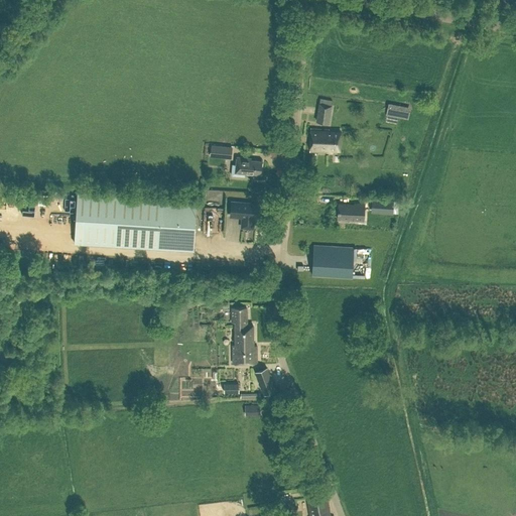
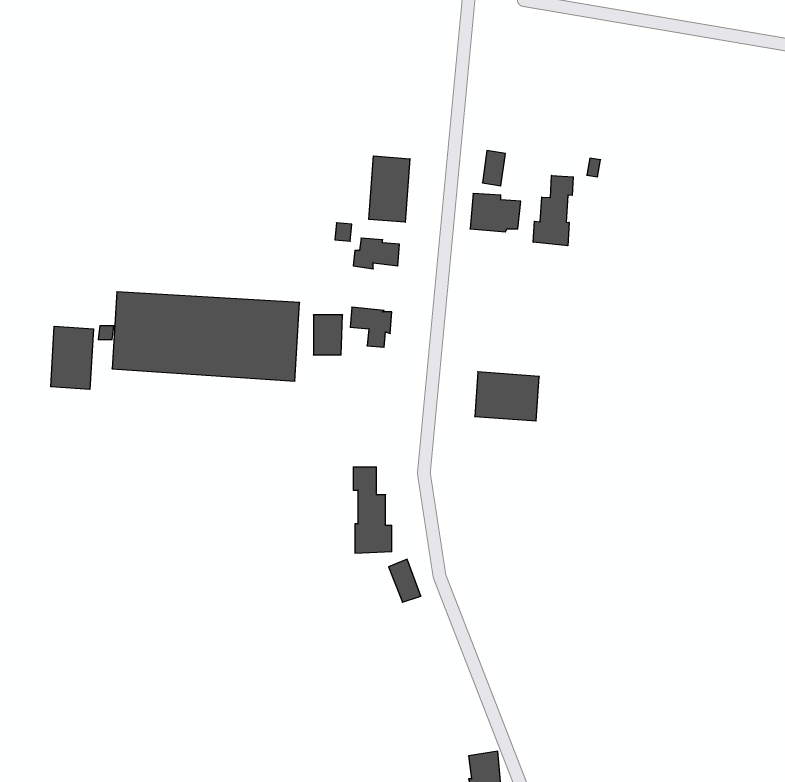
building: none -> [369,156,410,222]
building: none -> [533,175,573,246]
building: [339,205,365,223] -> none
building: none -> [51,326,93,389]

